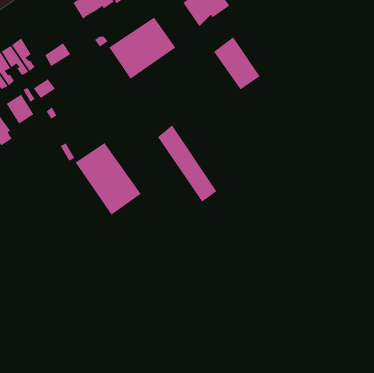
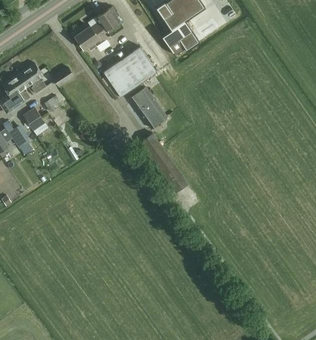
building: [213,37,260,90] -> [130,85,167,127]
building: [75,142,142,216] -> none

